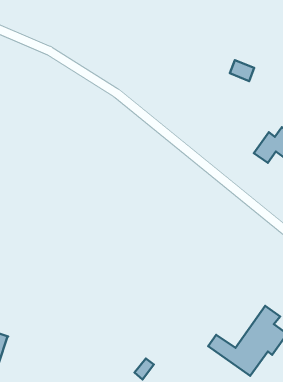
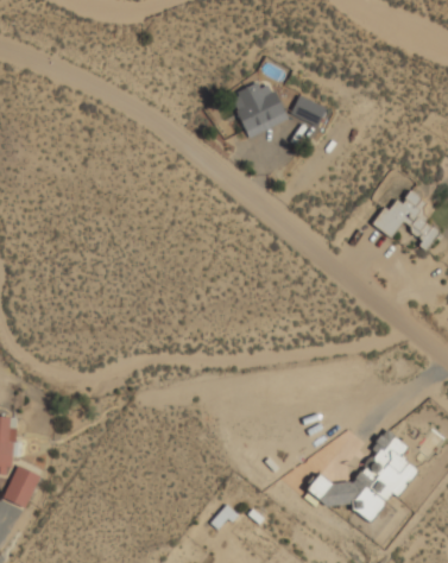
building: none -> [231,77,288,137]
building: [230,60,254,81] -> [292,95,326,124]

